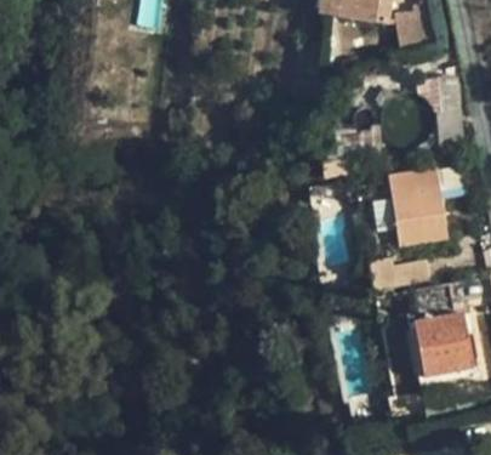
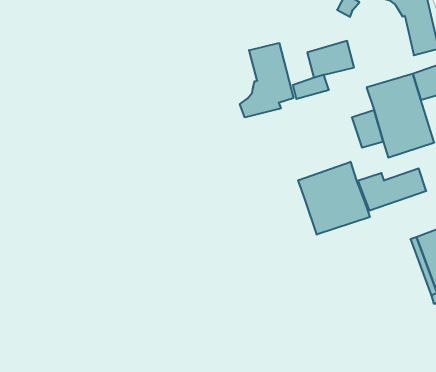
building: none -> [240,43,293,117]
building: none -> [298,162,370,235]

